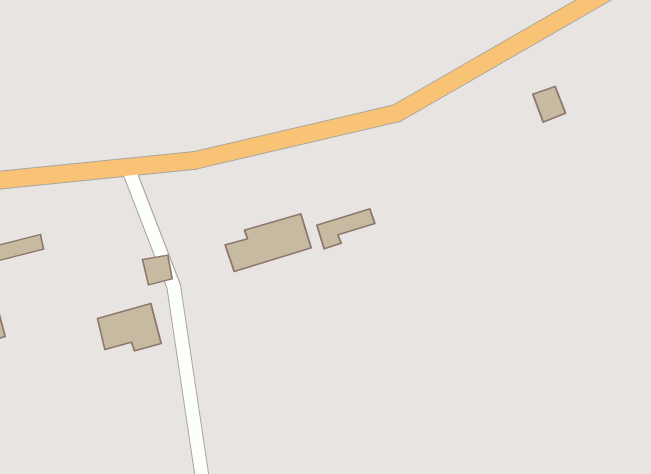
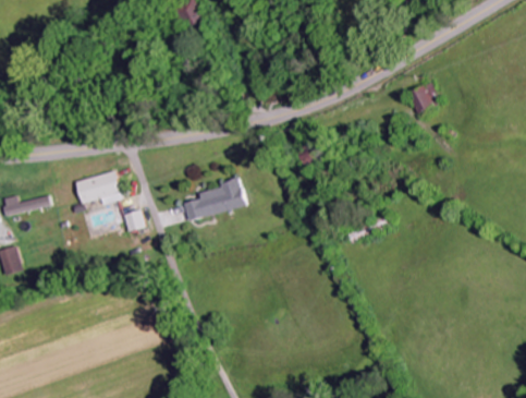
building: [317,209,375,249] -> none
building: [97,304,161,351] -> [75,170,122,205]

